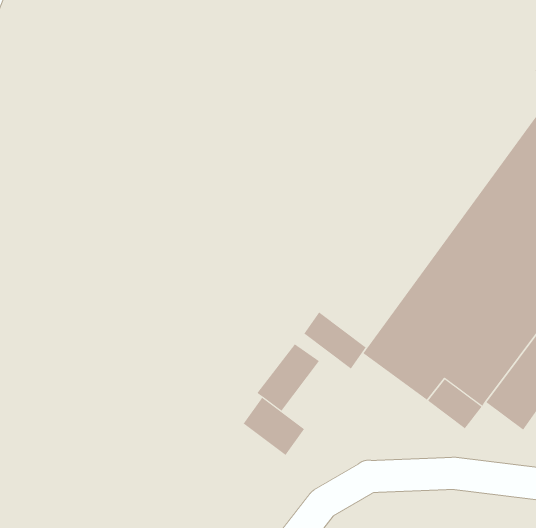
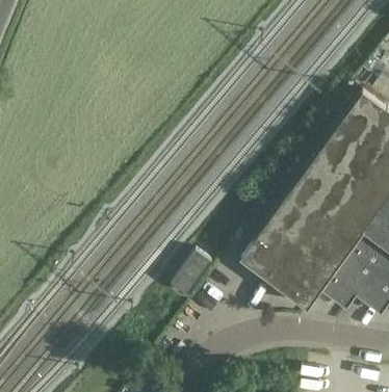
building: [304,312,367,370] -> none
building: [243,397,305,456] -> none

